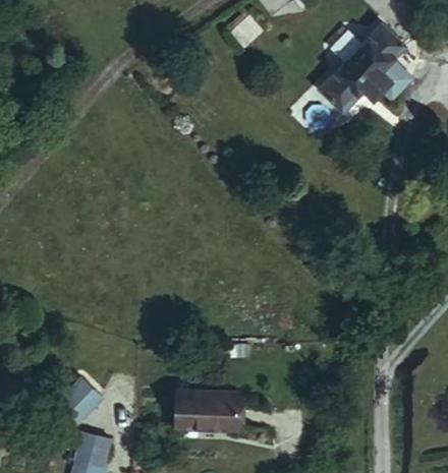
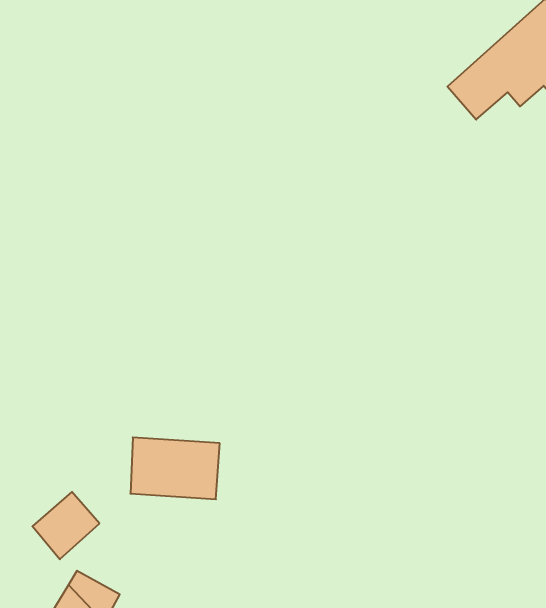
building: [183,395,243,433] -> [130,437,220,499]

